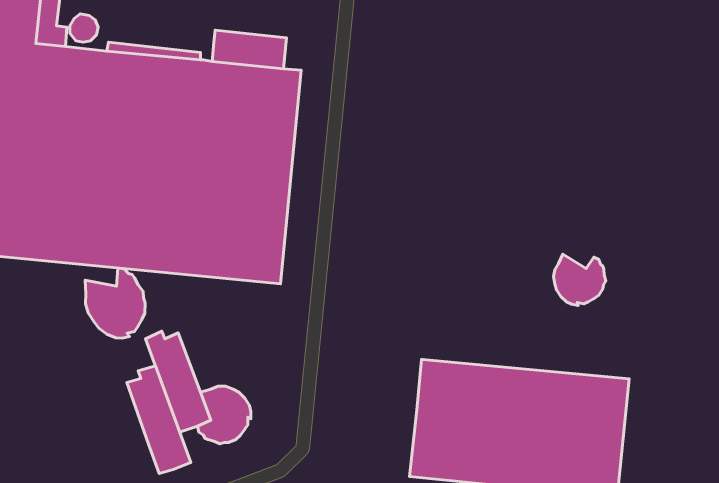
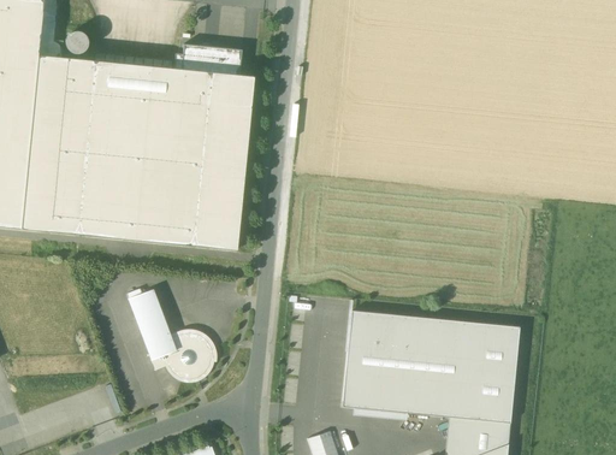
building: [553,254,606,305] -> none
building: [85,268,145,338] -> none
building: [127,366,191,473] -> none

